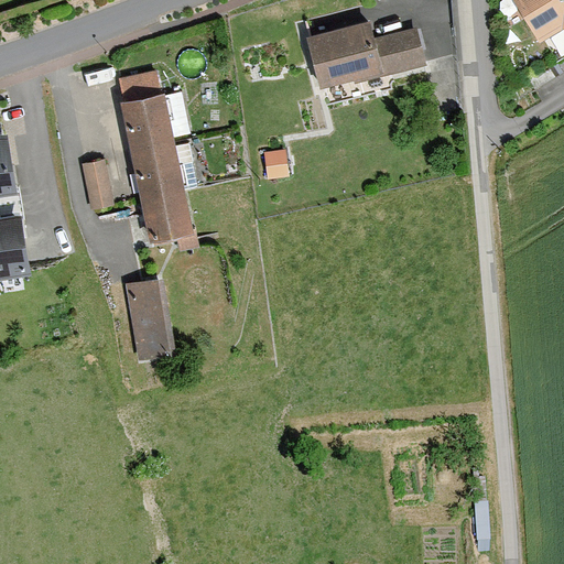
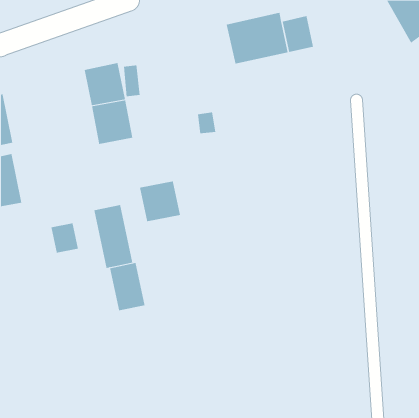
building: [80,159,112,208] -> none
building: [133,187,189,242] -> [139,181,181,222]
building: none -> [51,222,79,253]
building: none -> [110,262,145,311]

